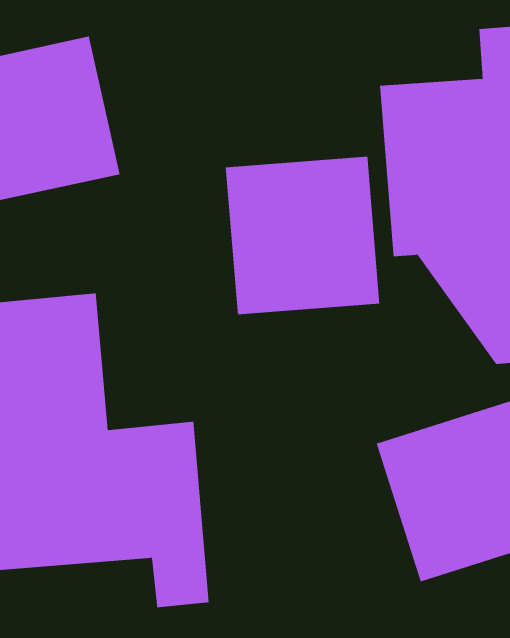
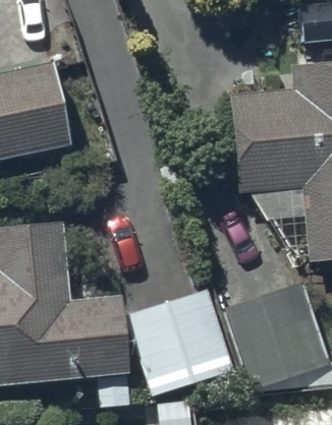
building: [225,156,380,315] -> none
building: none -> [128,286,241,392]

